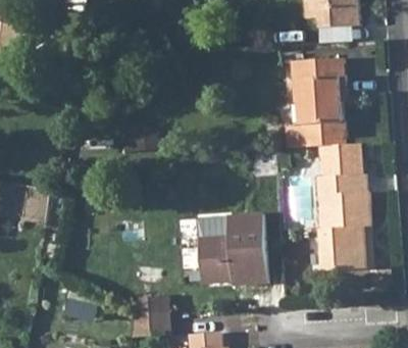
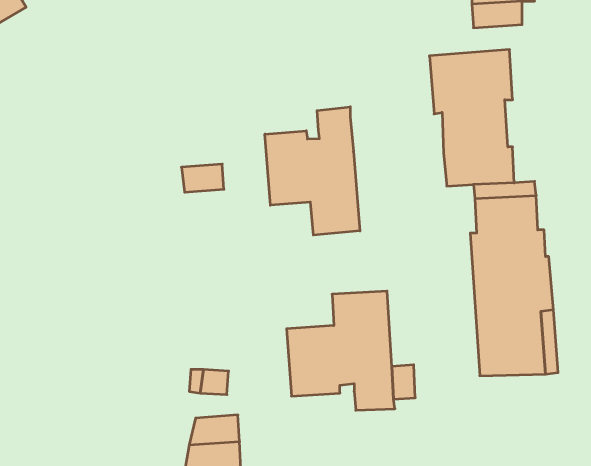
building: none -> [265,107,360,235]

